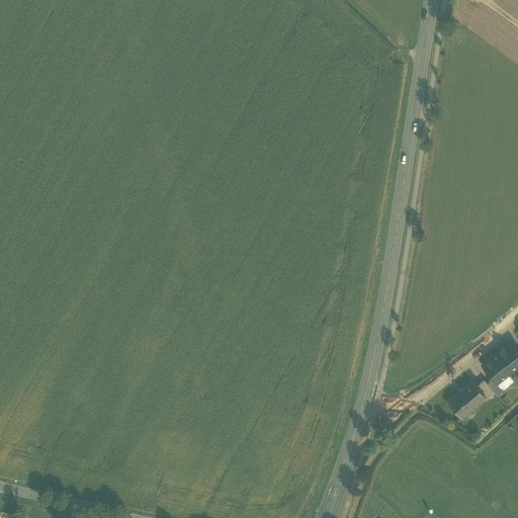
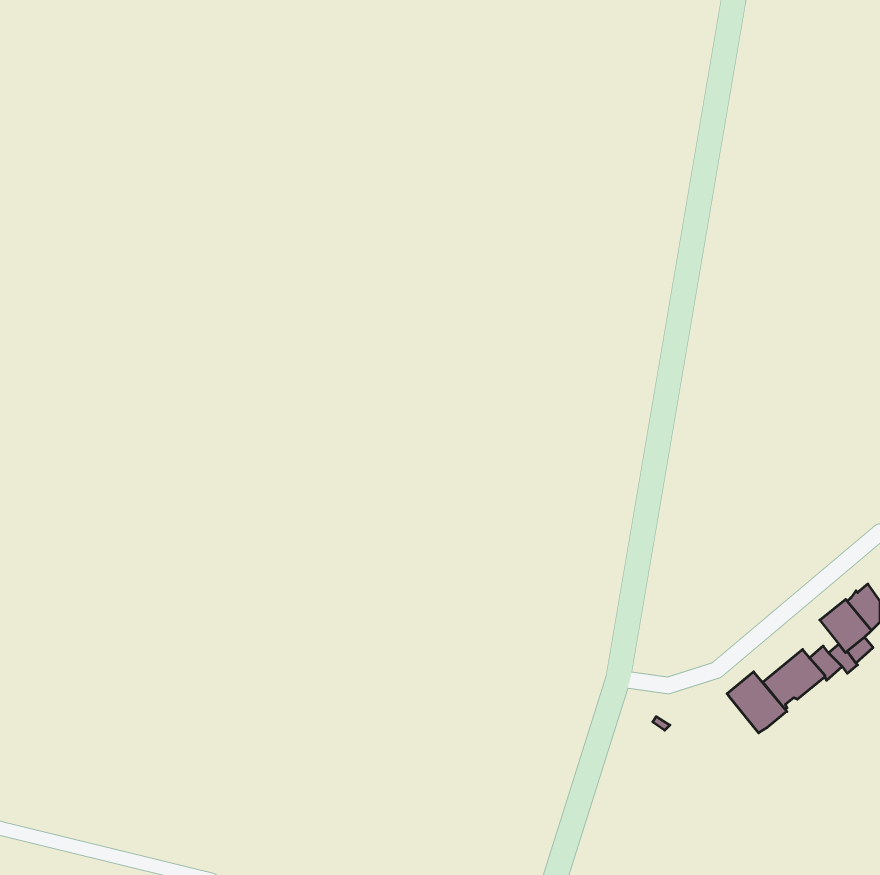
building: none -> [727,672,787,733]

